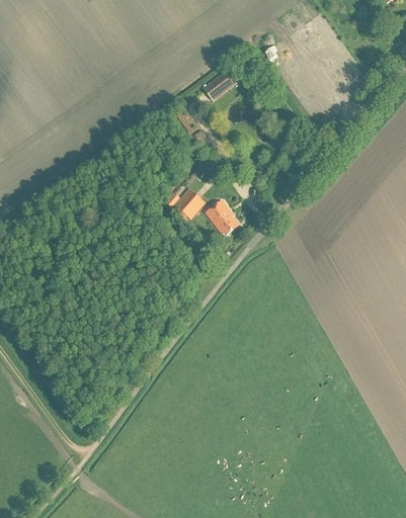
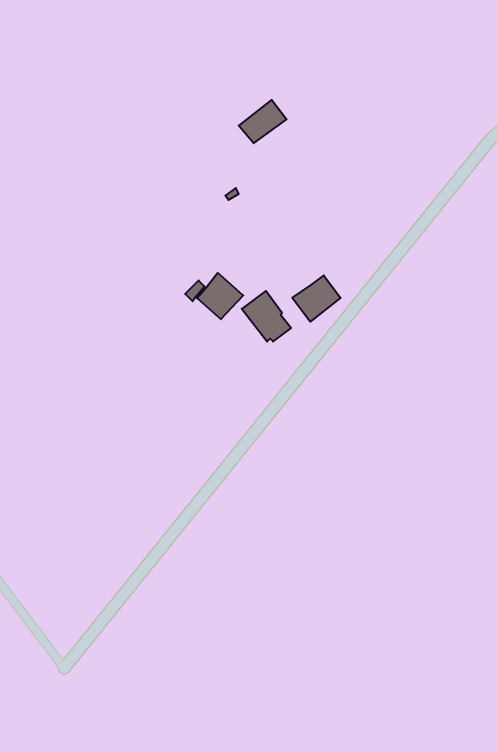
building: none -> [292,275,341,322]

